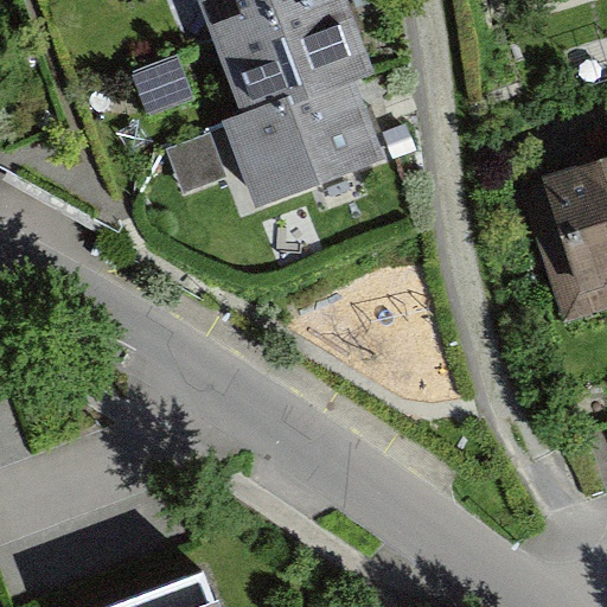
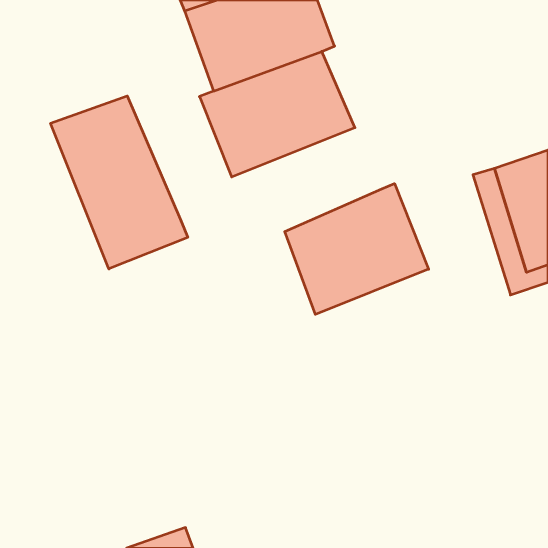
building: none -> [51,96,188,269]
building: none -> [285,184,429,314]

